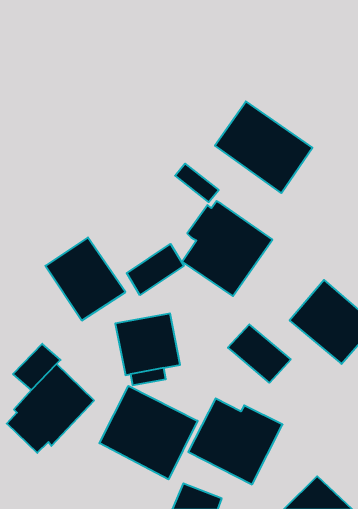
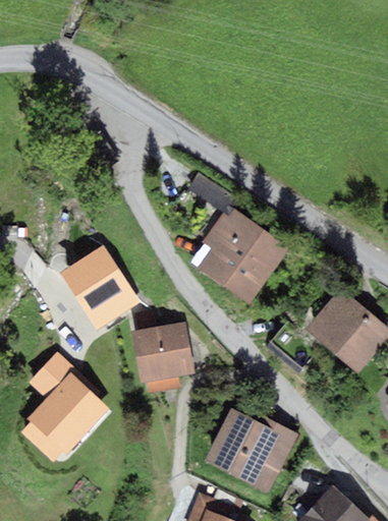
building: [215,101,312,193] -> none
building: [127,244,184,295] -> none
building: [228,324,291,383] -> none
building: [99,386,198,479] -> none

